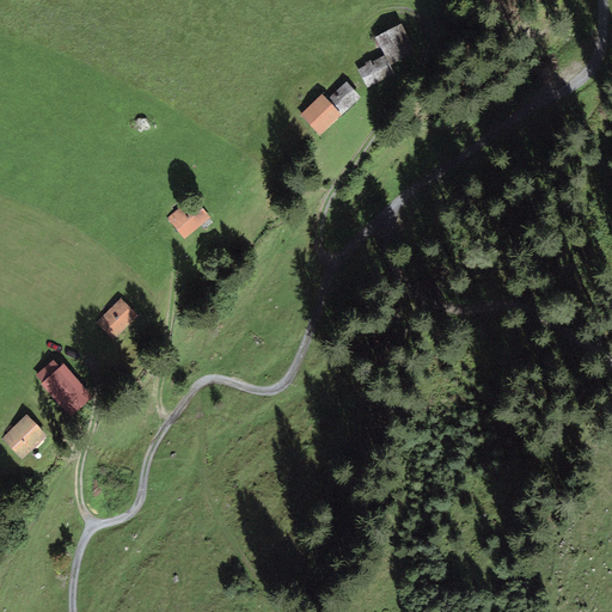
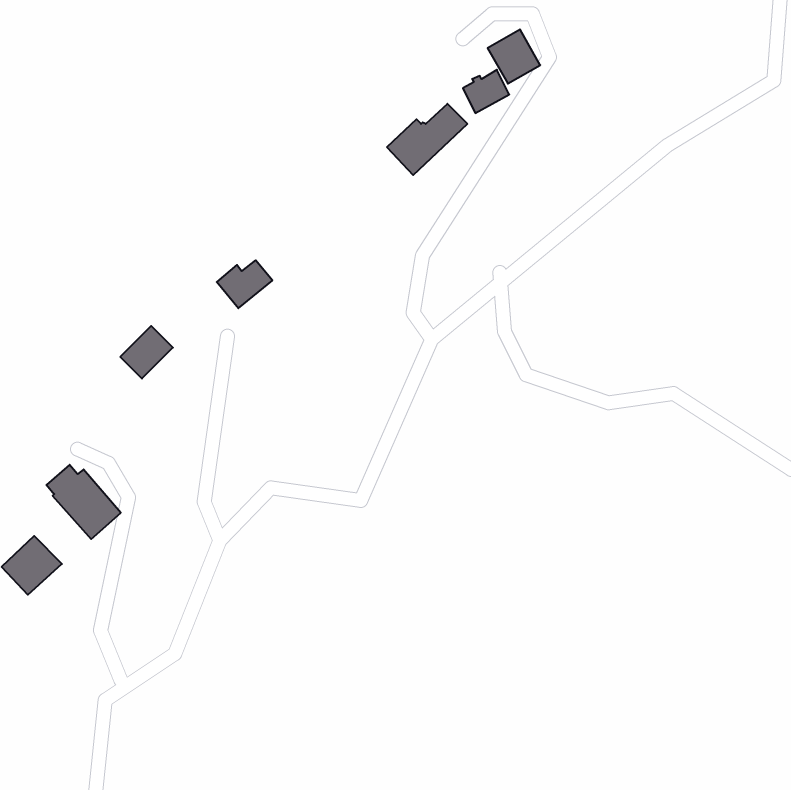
building: [97,298,137,338] -> [120,326,173,379]

